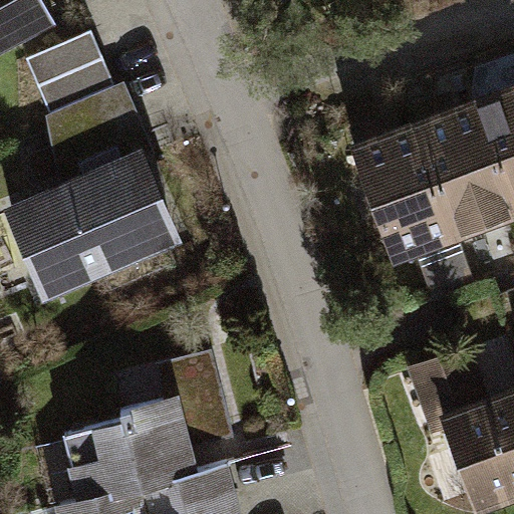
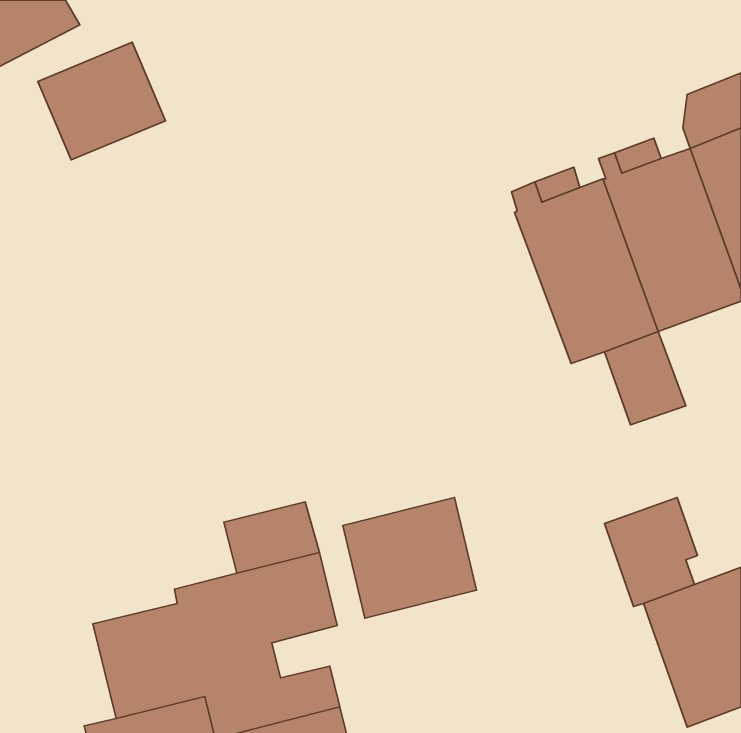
building: [49,90,138,172] -> none
building: [12,162,174,293] -> none
building: none -> [343,497,477,618]

